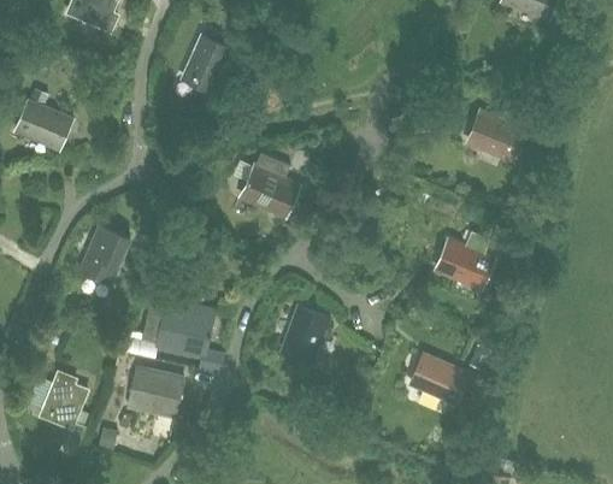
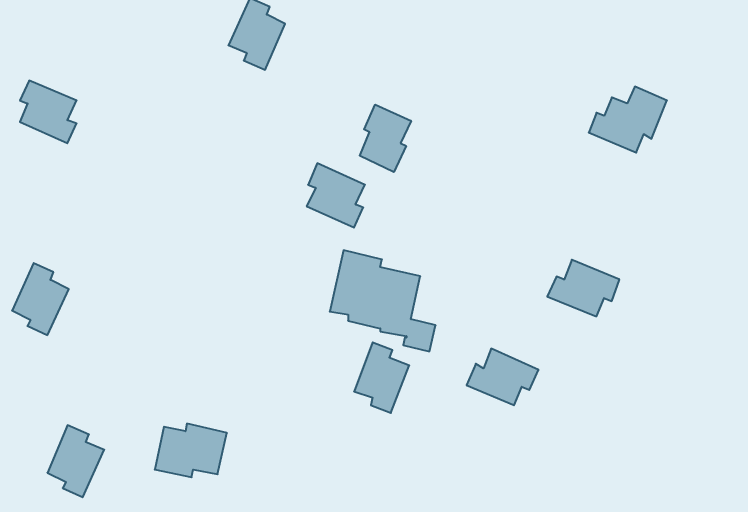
building: none -> [360,105,411,172]
building: [82,228,126,284] -> [12,263,69,335]
building: [141,291,224,371] -> [330,250,436,351]
building: [409,356,466,401] -> [467,349,539,405]

